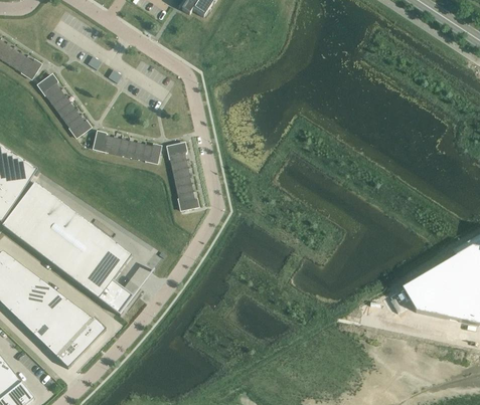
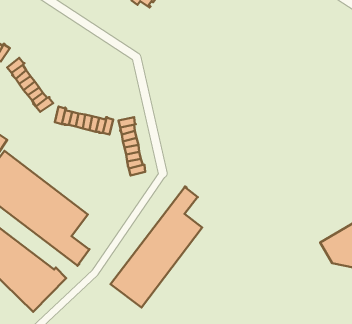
building: none -> [111,187,202,307]

